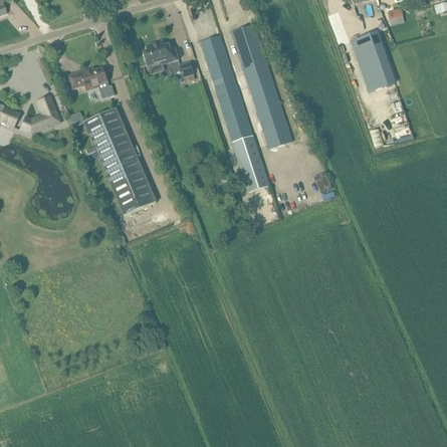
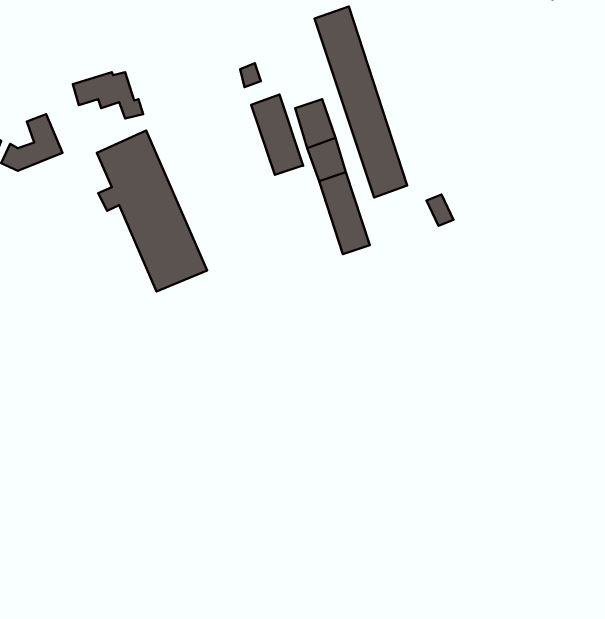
building: [351,31,395,91] -> none
building: [201,36,236,90] -> [251,94,303,175]
building: [144,39,178,64] -> none

